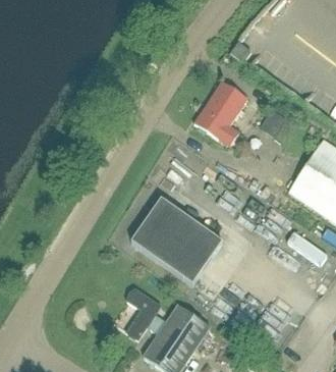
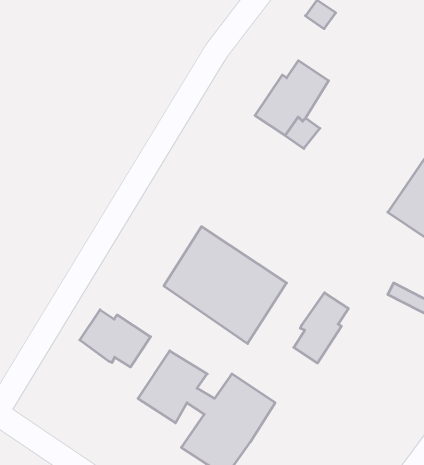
building: none -> [294,293,348,363]
building: none -> [80,310,151,367]

